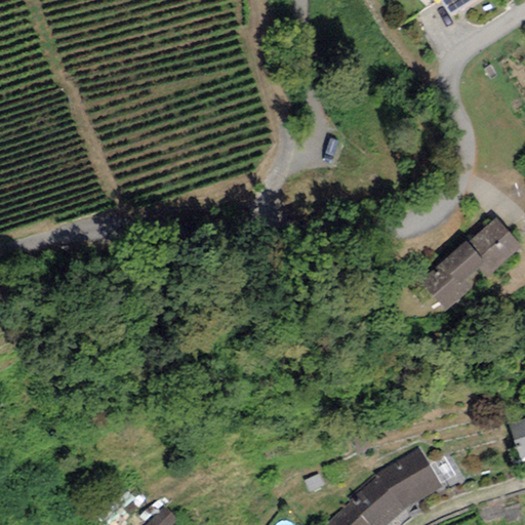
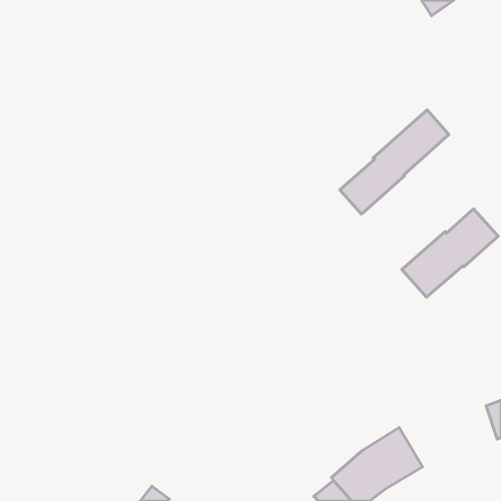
building: none -> [340,110,449,214]

